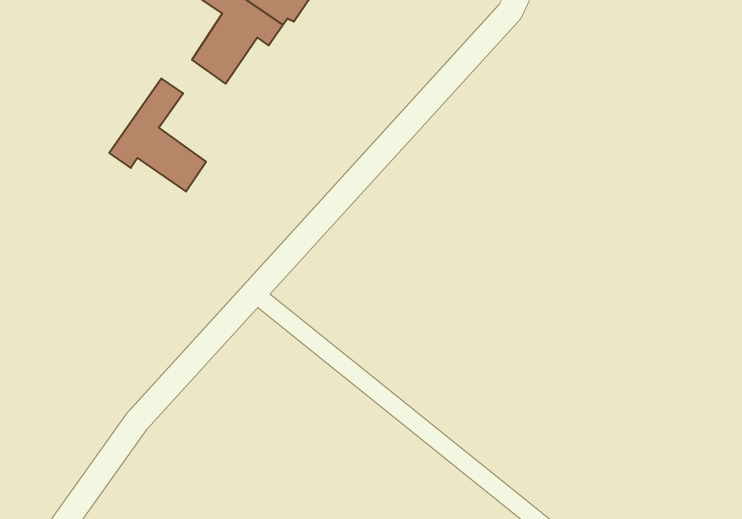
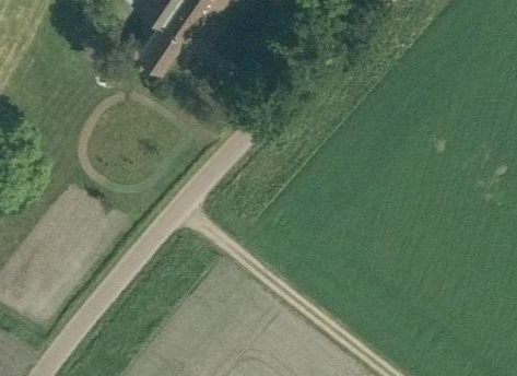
building: [109,78,206,192] -> none

